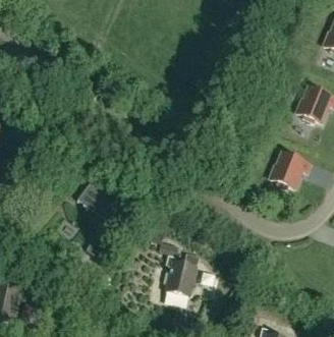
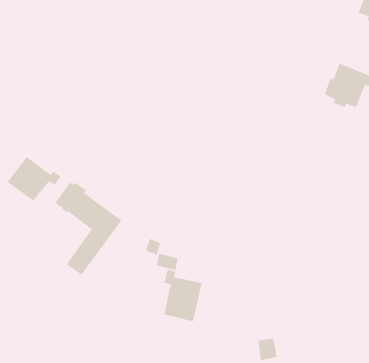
building: [270,151,312,187] -> none
building: none -> [7,156,61,201]

